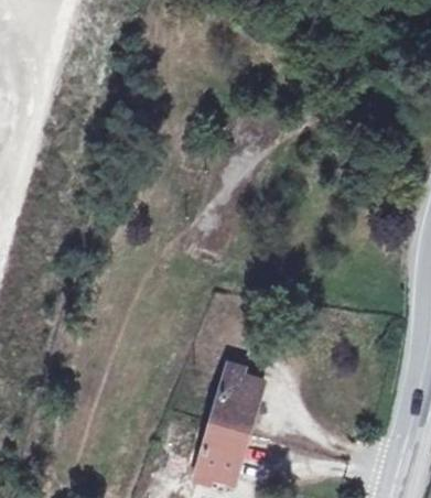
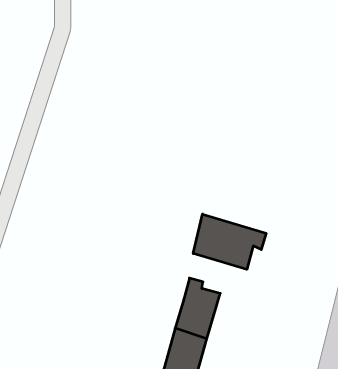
building: none -> [193,214,266,269]

